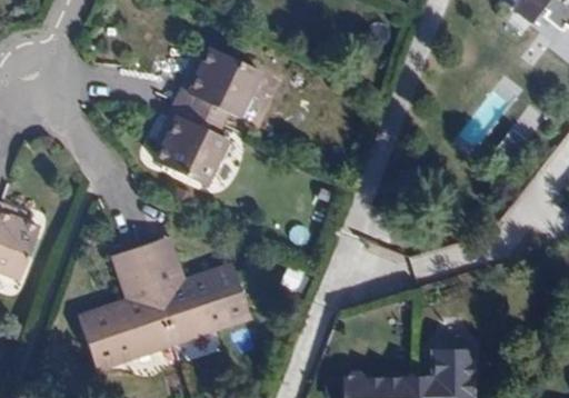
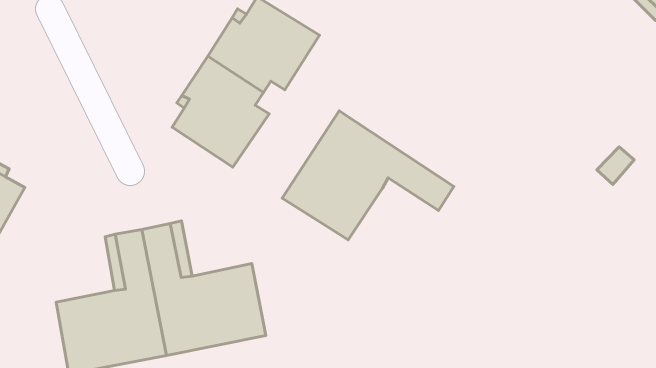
building: none -> [282,111,454,240]

